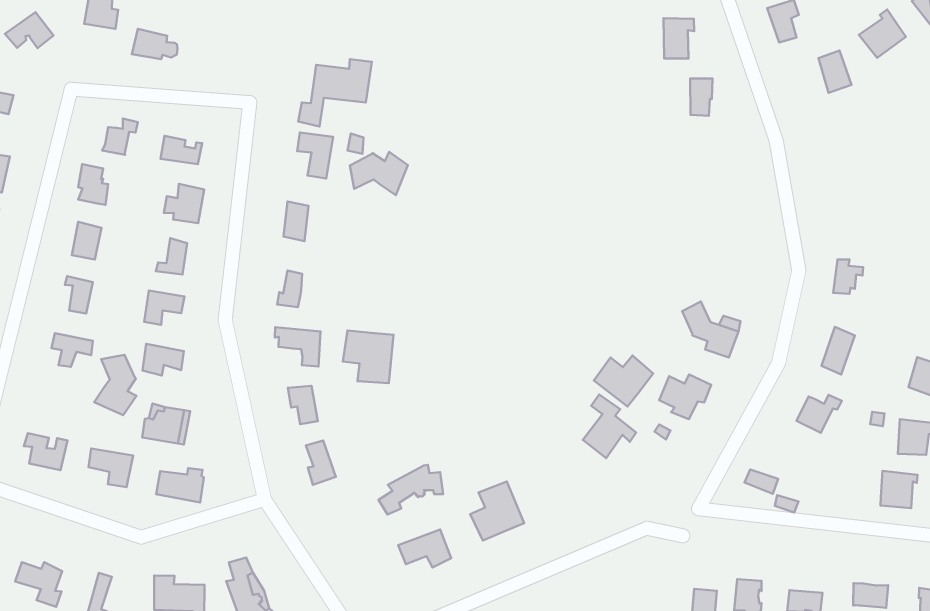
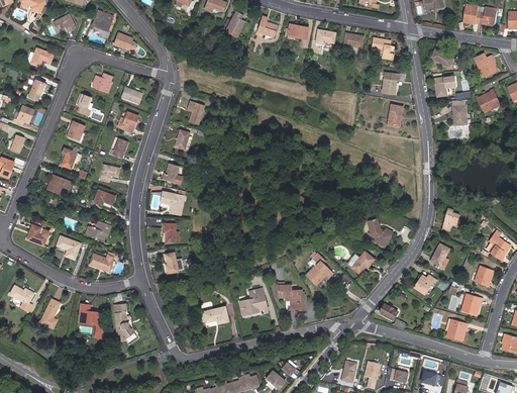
building: [298,59,372,126] -> none
building: [350,152,408,195] -> none
building: [343,330,393,383] -> none
building: [94,355,137,415] -> none
building: [594,355,653,407] -> none
building: [378,465,443,515] -> none
building: none -> [276,285,303,308]

